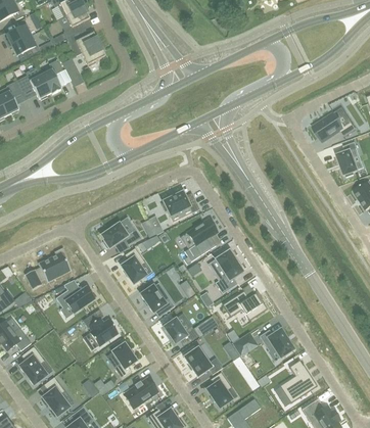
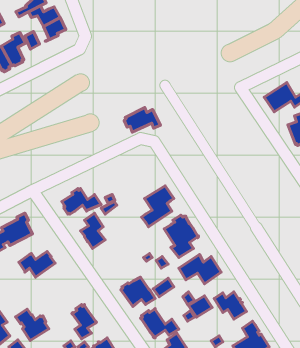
building: [161,190,199,216] -> [124,108,161,132]
building: [140,284,175,313] -> none
building: [83,312,118,344] -> [15,309,49,341]

